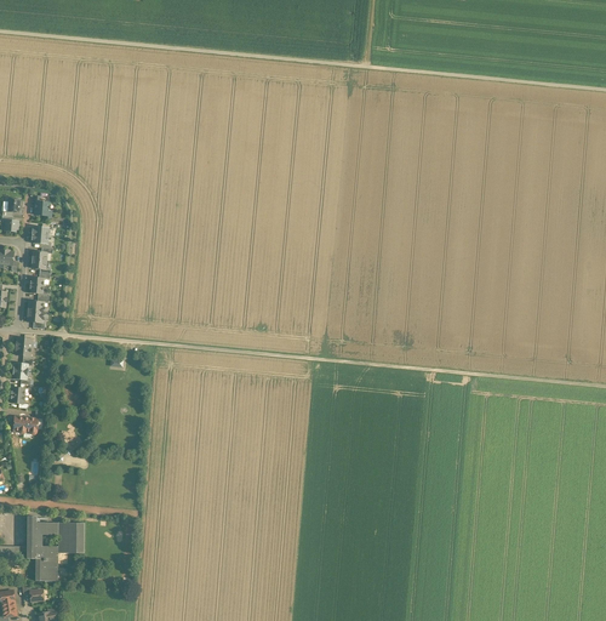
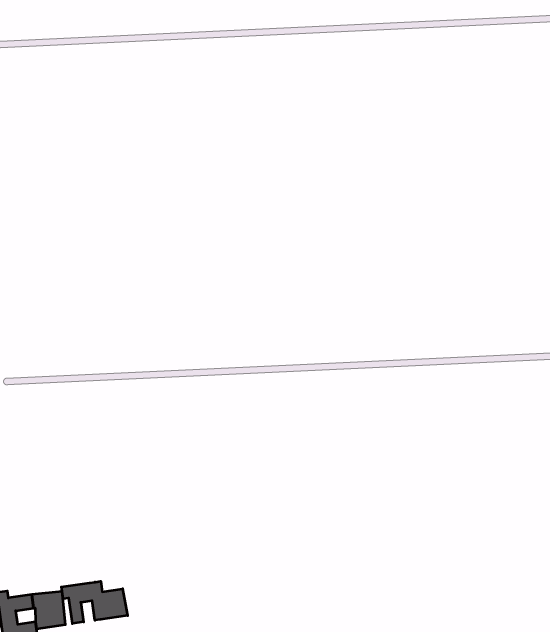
building: none -> [61,581,128,624]

